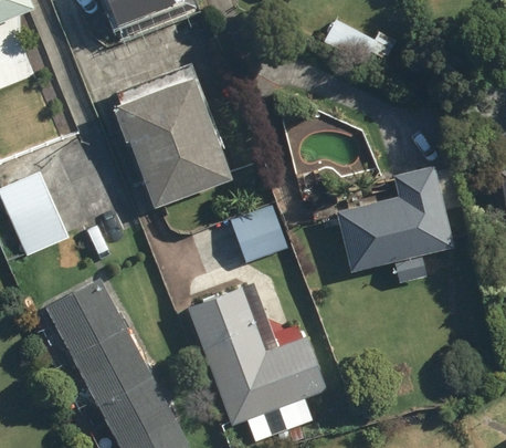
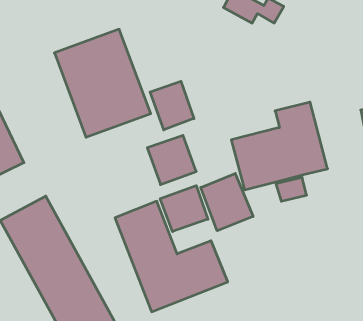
building: none -> [150,81,194,130]
building: none -> [201,173,253,231]
building: none -> [160,186,208,232]

